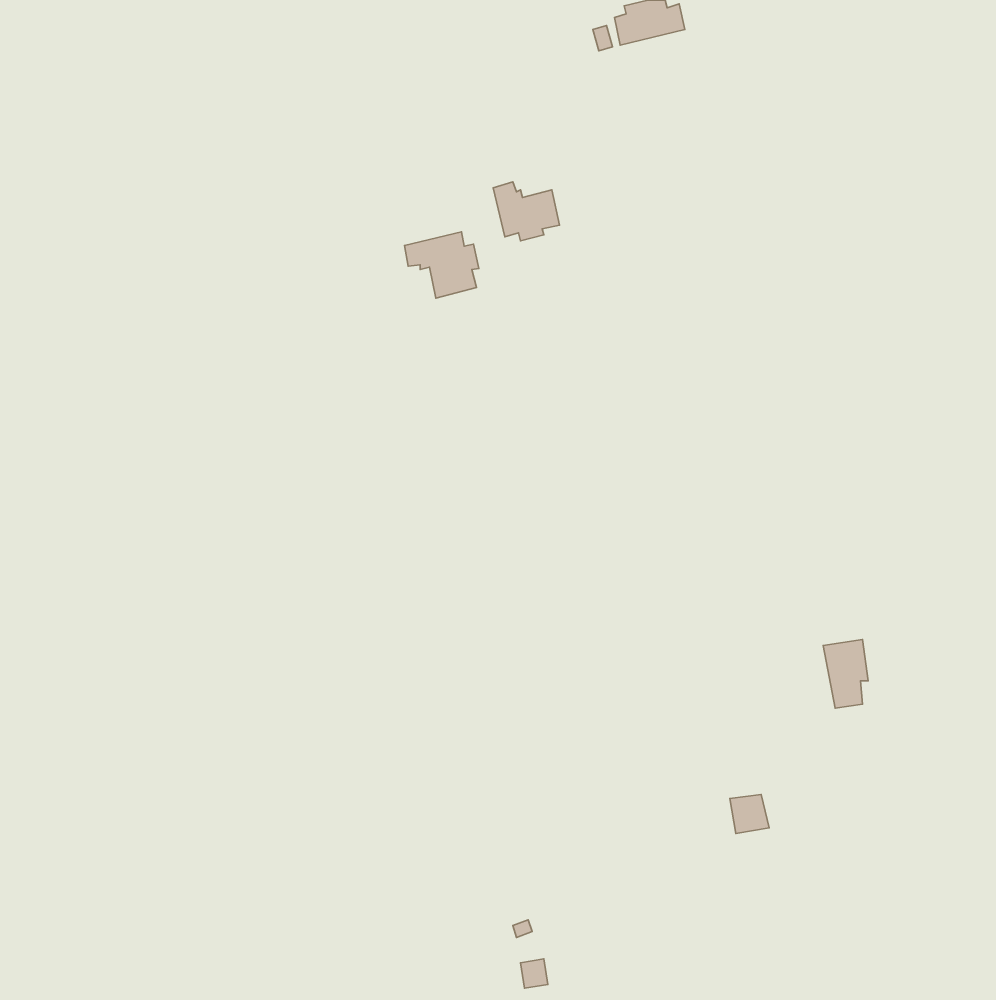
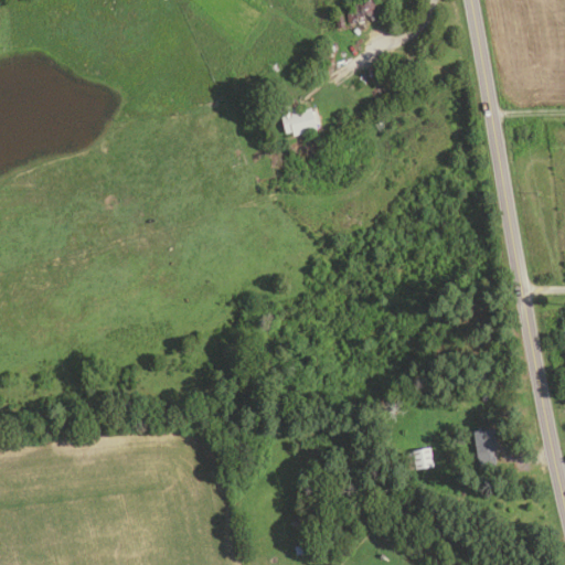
building: [405,232,479,298] -> none
building: [823,640,868,708] -> [475,428,500,467]

